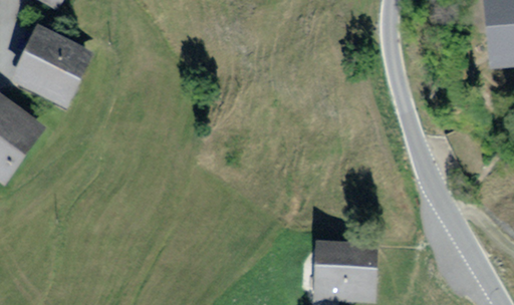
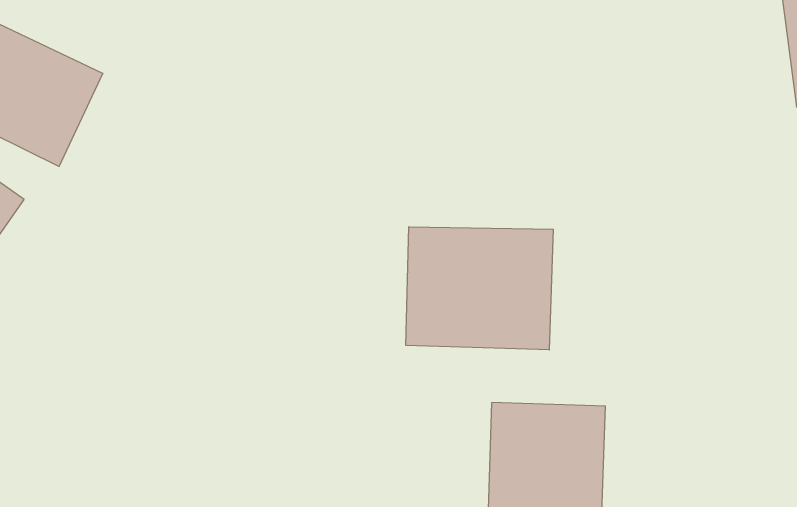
building: none -> [406,227,553,350]

